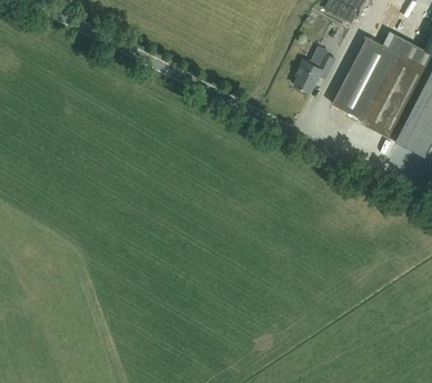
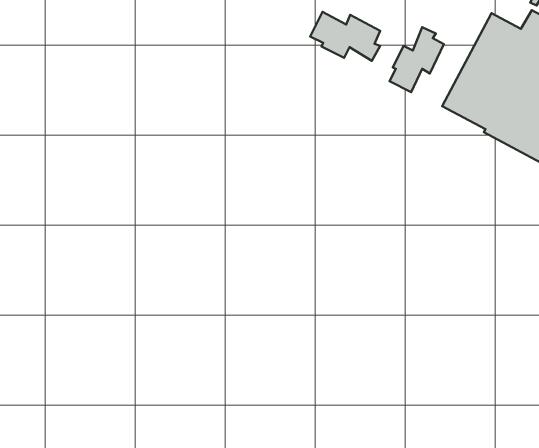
building: none -> [310,12,380,61]

